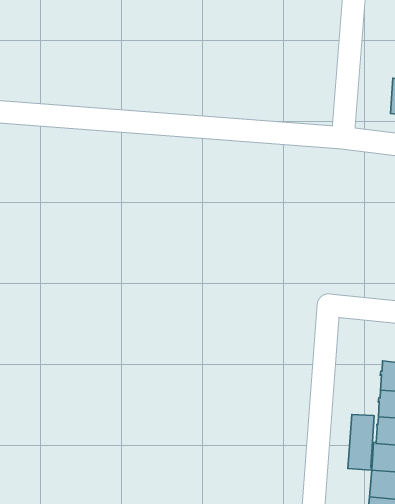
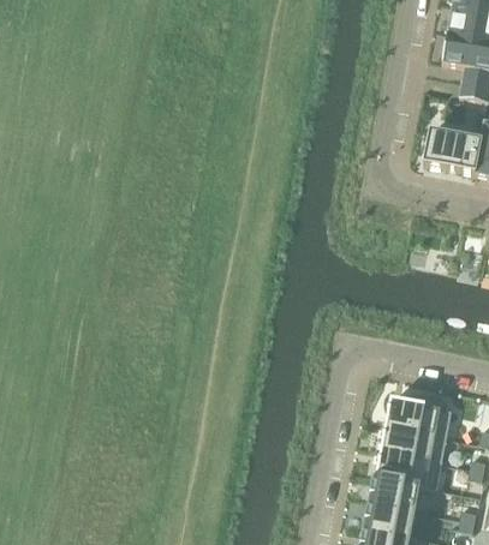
building: [348,414,374,470] -> none

